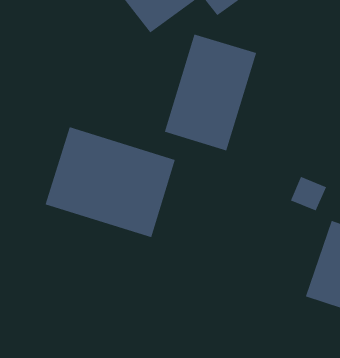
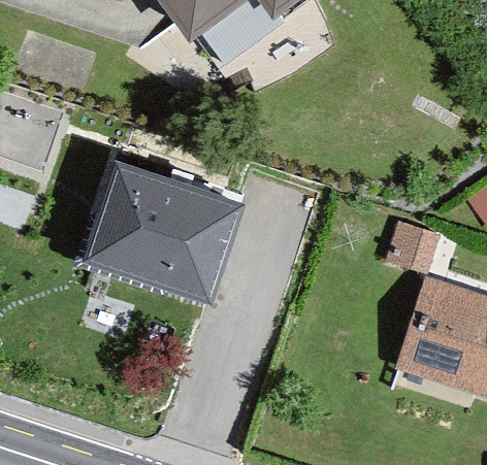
building: [164,34,257,152] -> none

